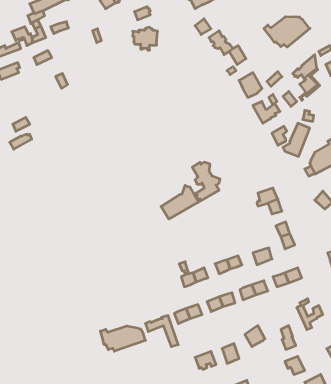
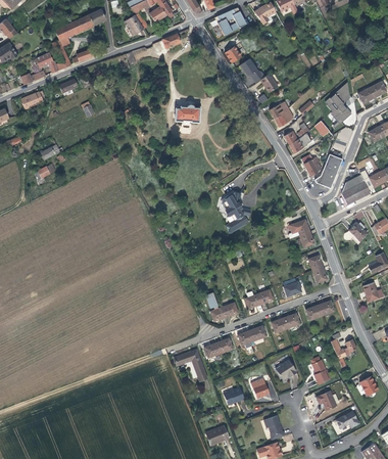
building: [264,17,310,47] -> none
building: [133,27,158,50] -> [174,103,199,127]
building: [161,185,198,219] -> none
building: [100,326,146,351] -> none

